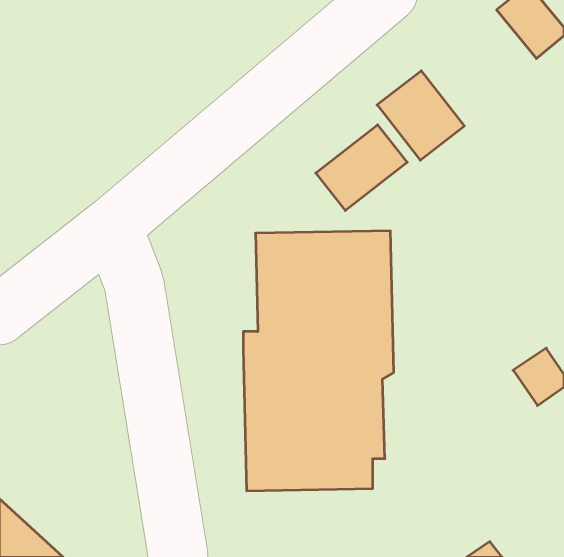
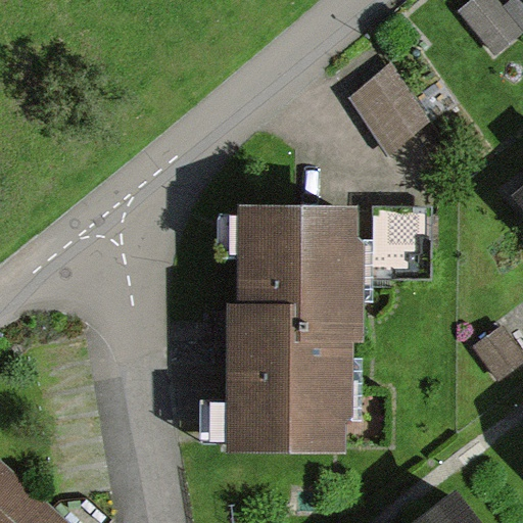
building: [316,125,407,211] -> none

